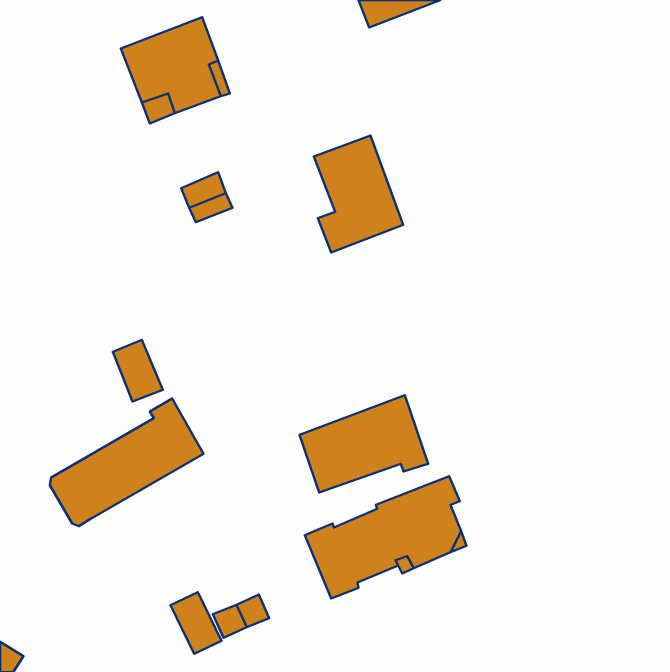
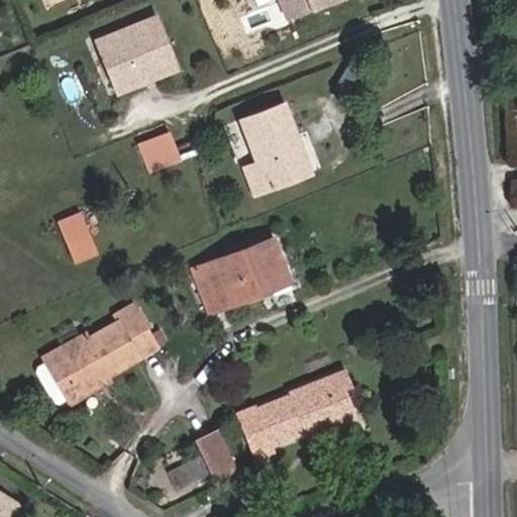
building: [113,340,163,402] -> [59,213,97,261]
building: [300,395,428,493] -> [194,238,293,313]
building: [170,592,222,654] -> [196,429,235,477]

